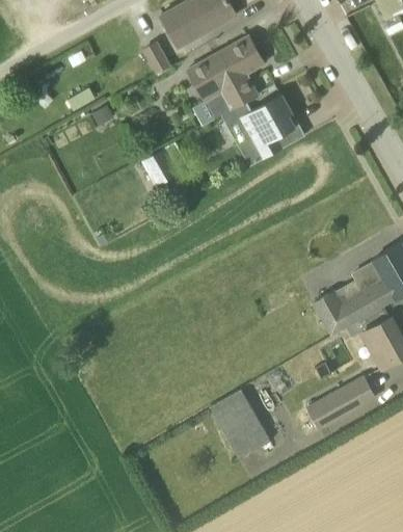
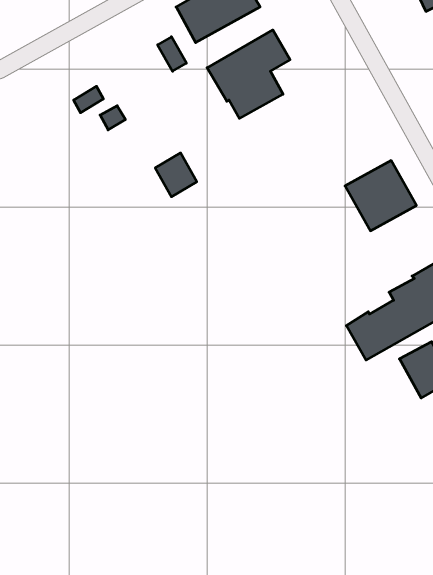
building: [239,96,303,159] -> [345,161,416,231]
building: [308,378,374,428] -> none
building: [209,389,271,460] -> none

